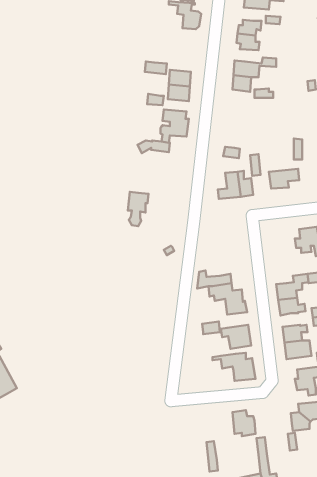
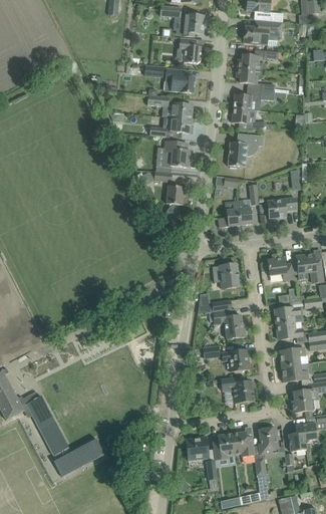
building: none -> [165,68,195,92]
building: none -> [228,134,263,168]
building: [128,192,149,226] -> [166,185,186,218]
building: none -> [263,257,294,280]
building: none -> [212,263,239,288]
building: none -> [26,395,104,476]
building: none -> [259,428,285,454]
building: none -> [213,433,234,459]
building: none -> [186,436,208,460]

